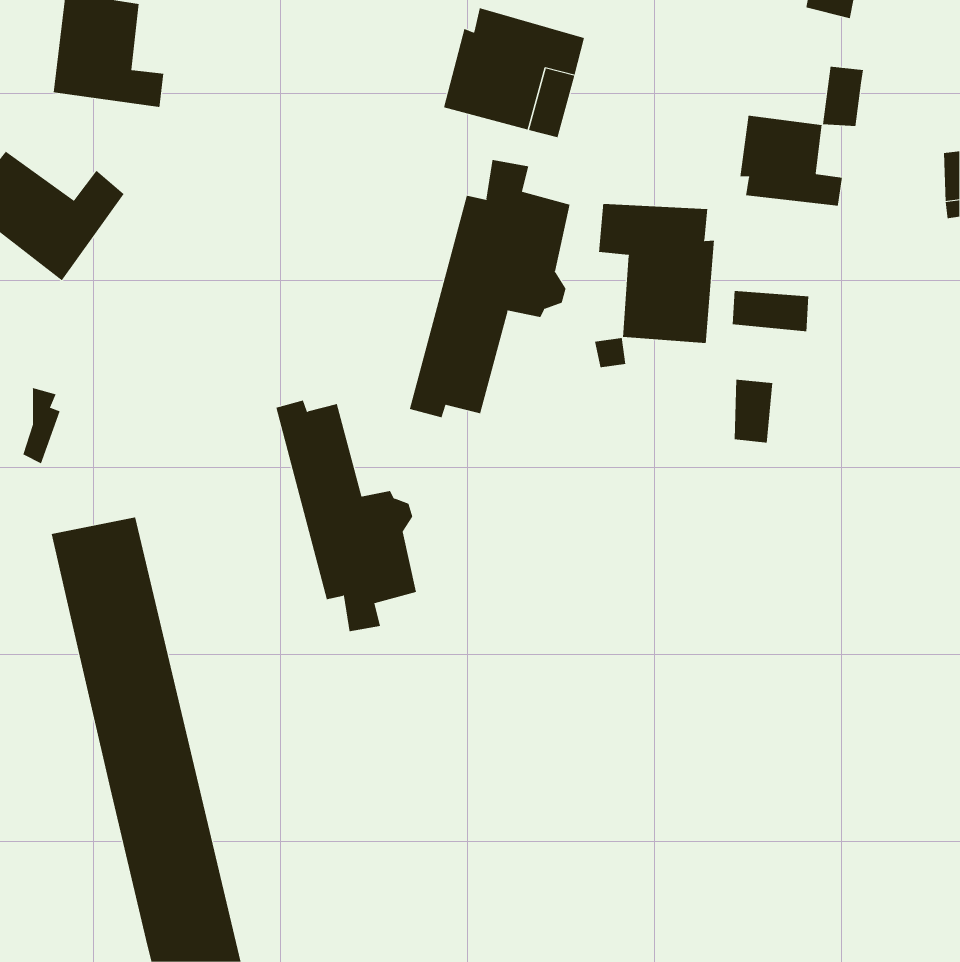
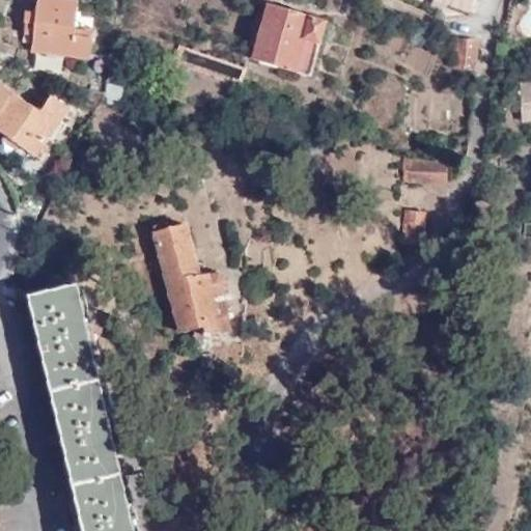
building: [740,115,843,206] -> none
building: [409,159,570,418] -> none
building: [599,203,714,344] -> none

